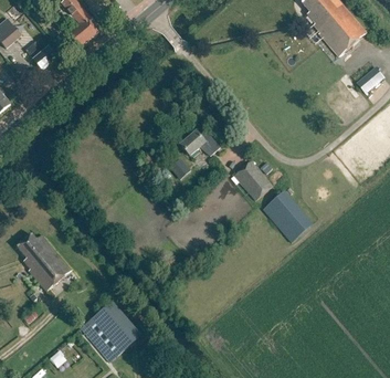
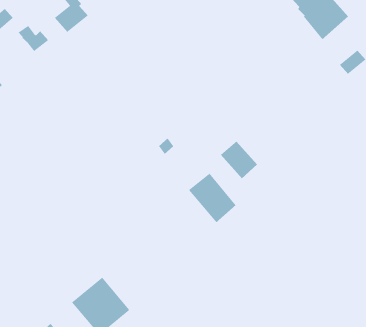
building: [180,130,218,155] -> none
building: [263,190,313,242] -> [188,173,237,223]
building: [18,233,72,291] -> none

